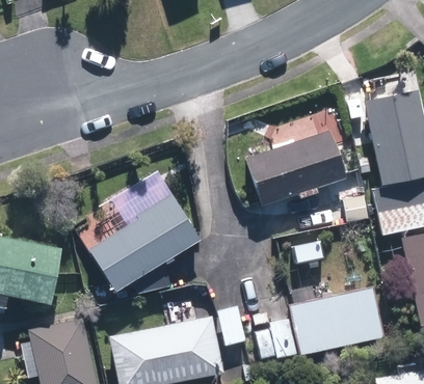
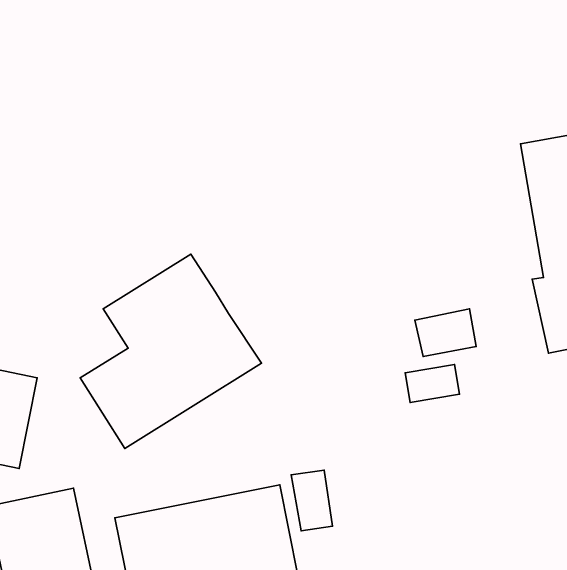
building: [244,130,346,209] -> none
building: [289,287,383,356] -> none

